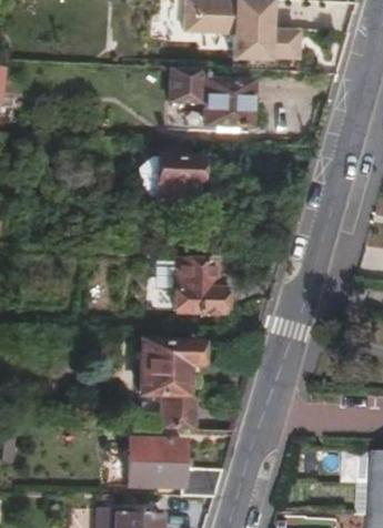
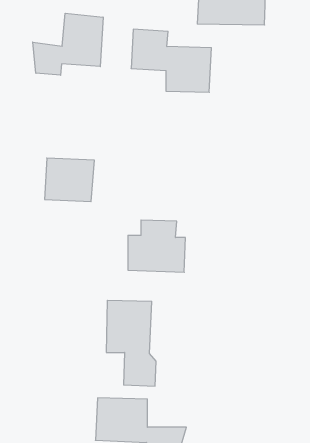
building: none -> [33,13,103,75]
building: [142,156,193,201] -> [45,158,94,202]

